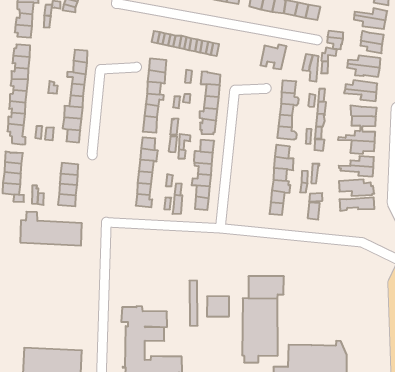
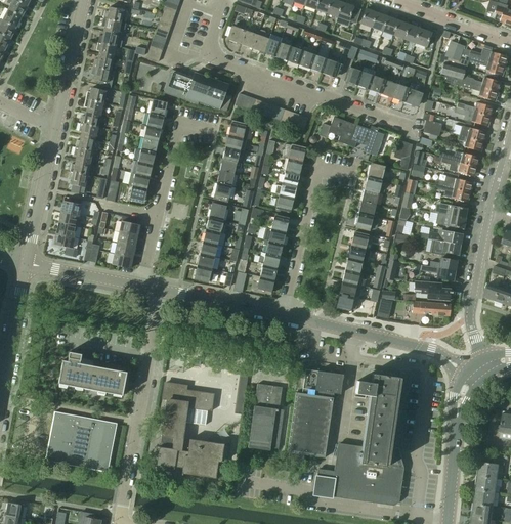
building: none -> [164,69,232,112]
building: none -> [320,117,356,145]
building: [20,212,82,246] -> [58,351,127,395]
building: none -> [355,374,400,455]
building: none -> [248,405,284,450]

